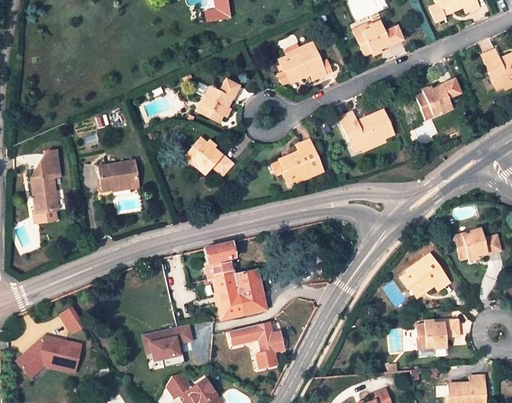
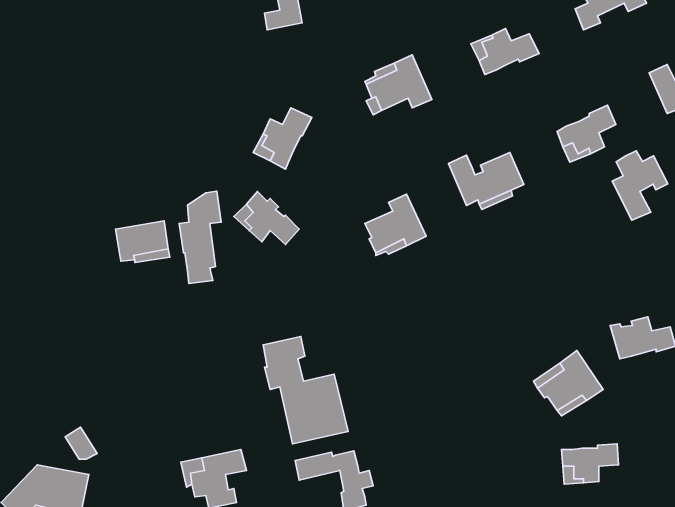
building: none -> [612,151,668,220]
building: [31,155,61,221] -> [179,191,221,283]

